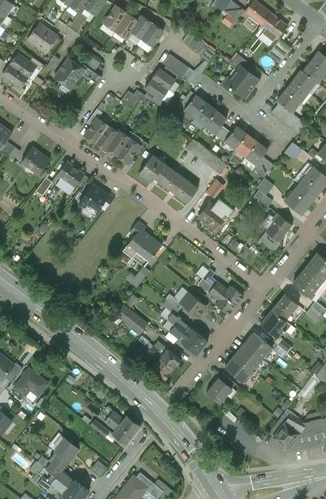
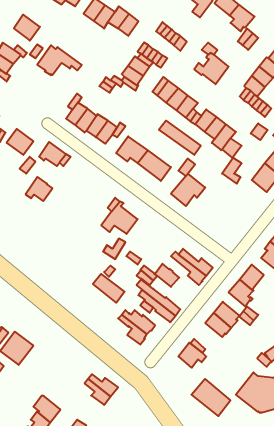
building: [79,184,108,210] -> [26,177,52,201]
building: [259,213,292,250] -> none
building: [225,356,254,383] -> none

